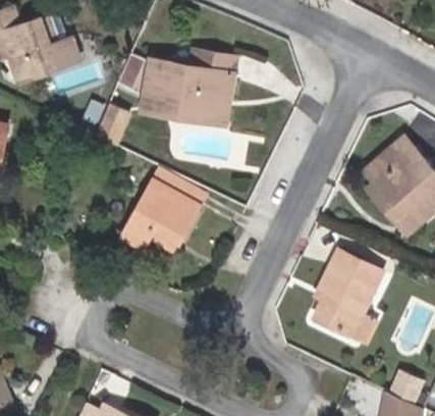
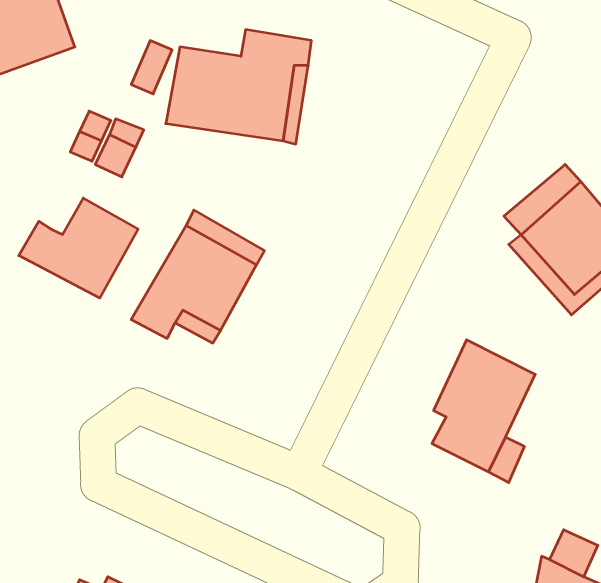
building: none -> [19,198,138,298]

